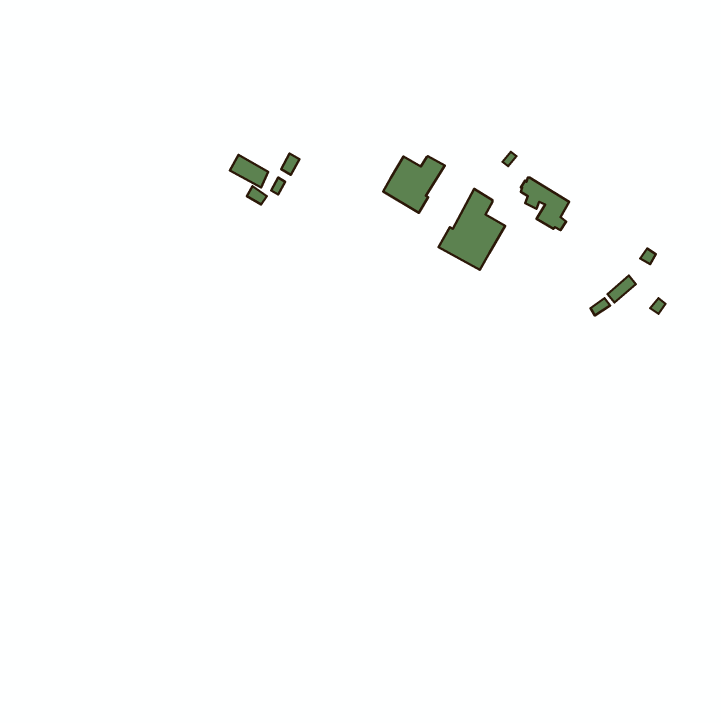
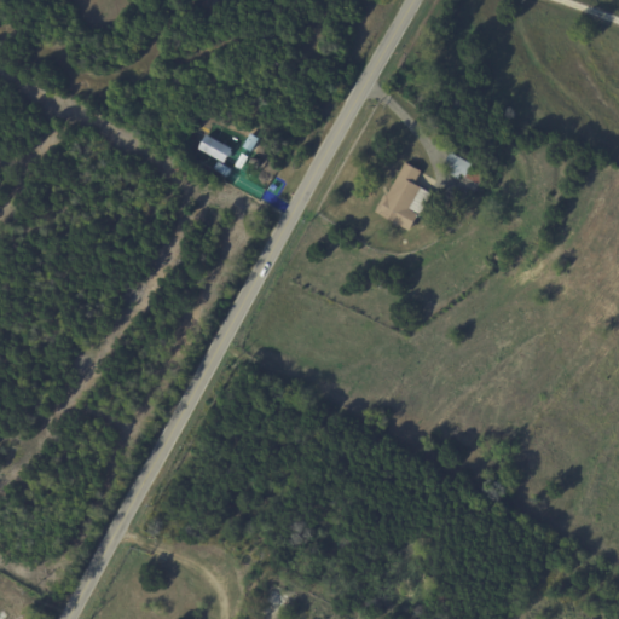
building: [383,156,445,213] -> none

